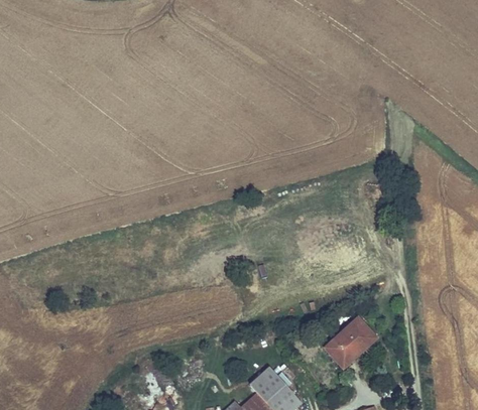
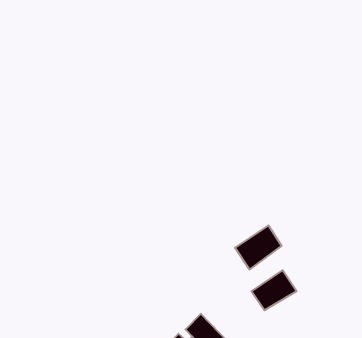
building: none -> [235,225,282,270]

